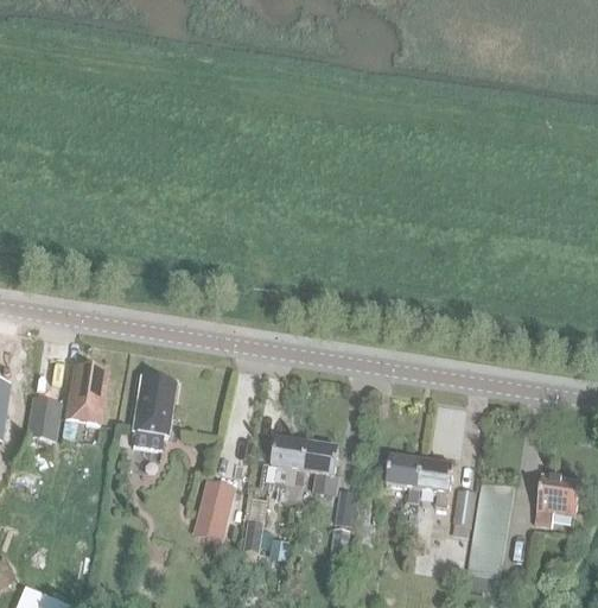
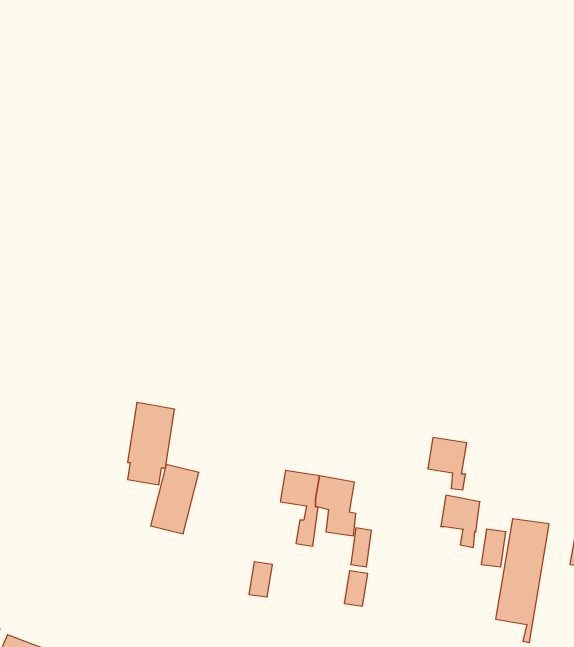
building: [64,363,107,423] -> none
building: [25,395,62,439] -> none
building: [386,454,421,501] -> [428,438,467,490]
building: [192,479,236,542] -> [151,465,199,534]

